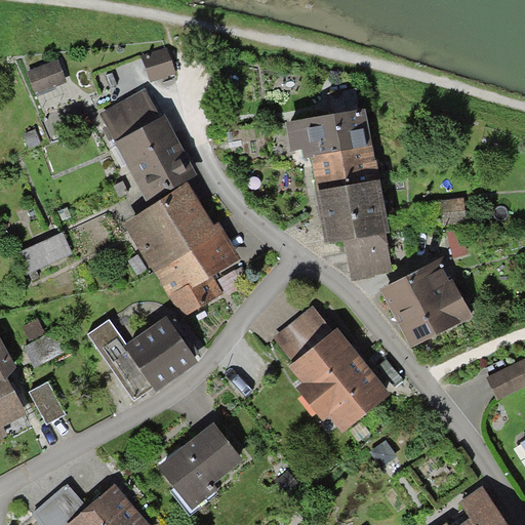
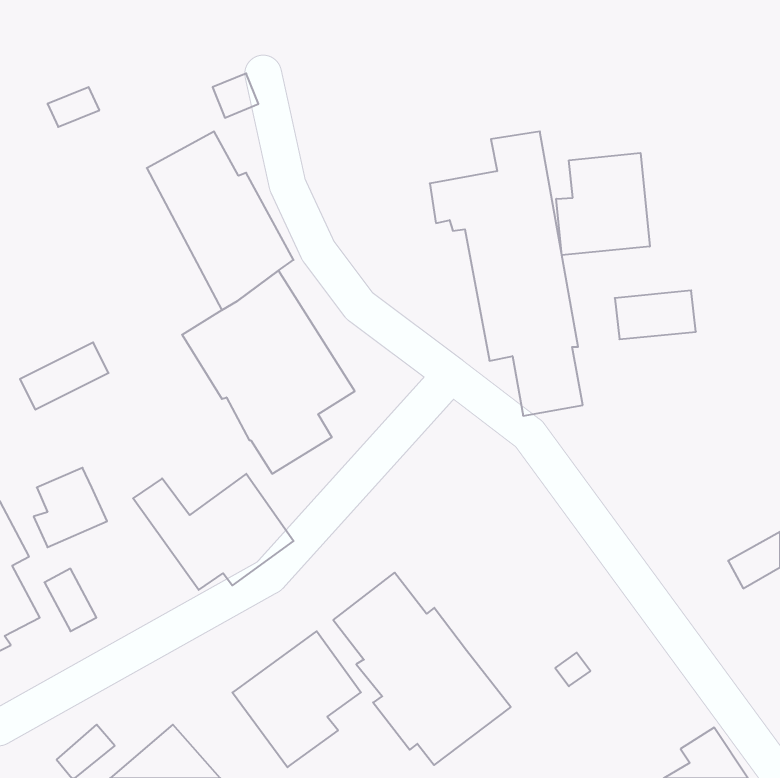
building: none -> [556,153,650,255]
building: [382,260,469,345] -> none
building: [272,305,391,434] -> [333,573,511,765]

